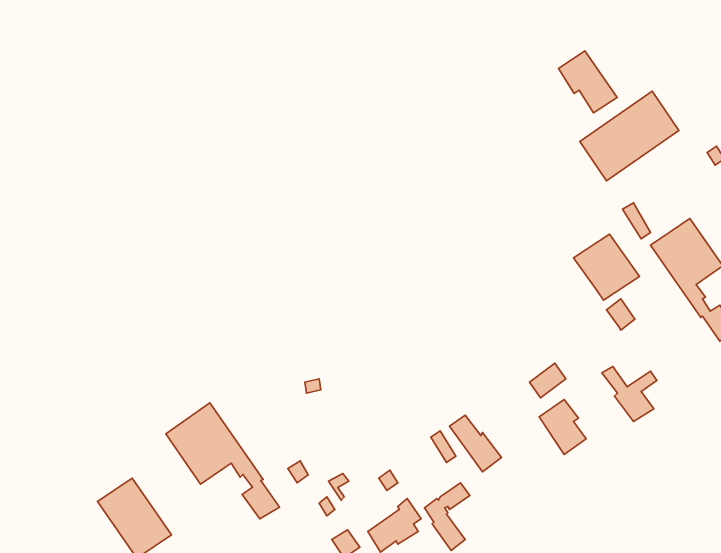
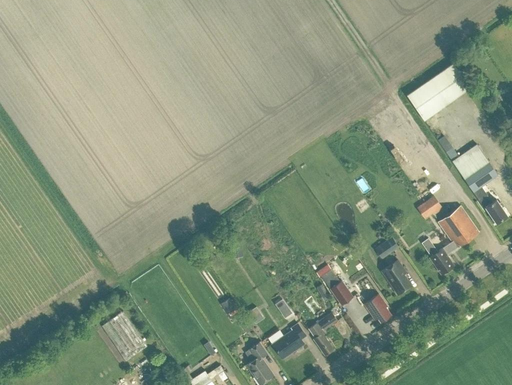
building: [558,51,617,113] -> none
building: [574,234,640,300] -> [437,206,479,248]
building: [166,403,279,519] -> none
building: none -> [364,294,391,322]

